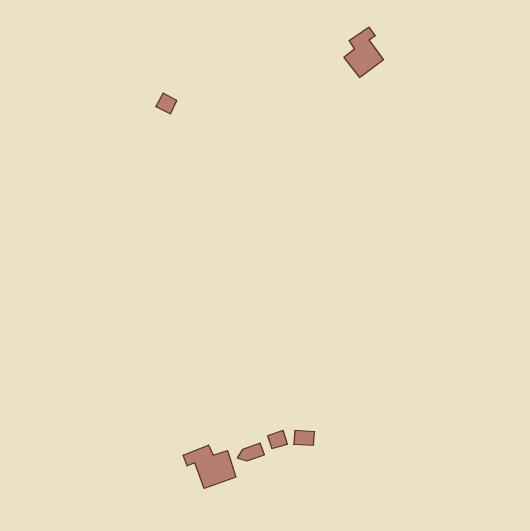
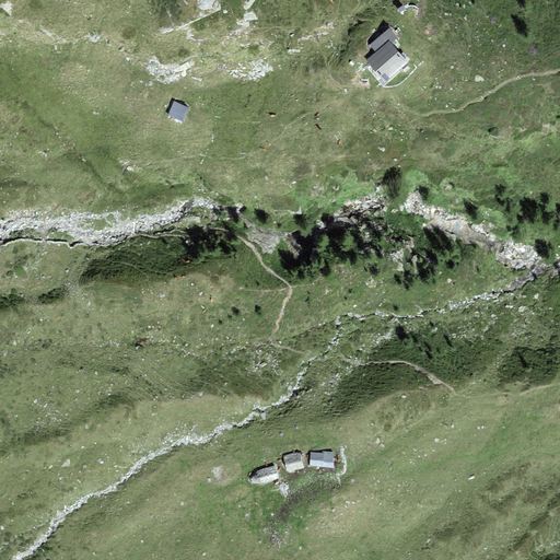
building: [183,445,236,488] -> none

